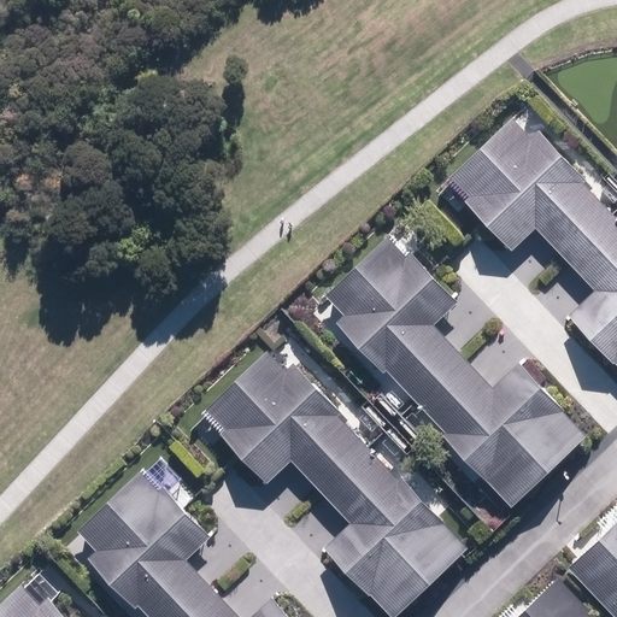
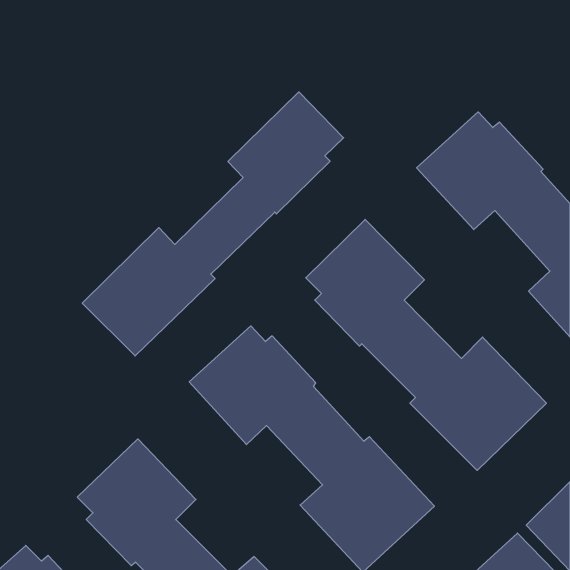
building: none -> [82,92,344,356]

